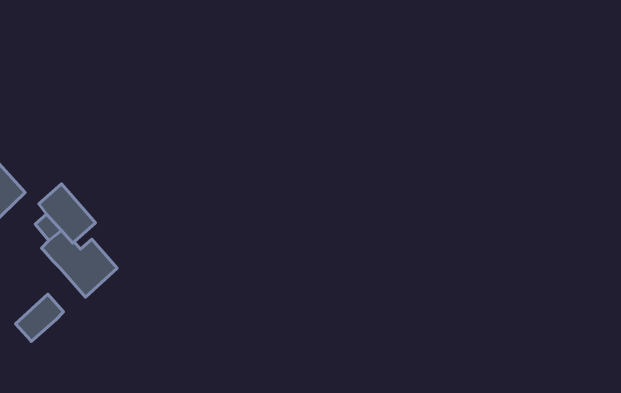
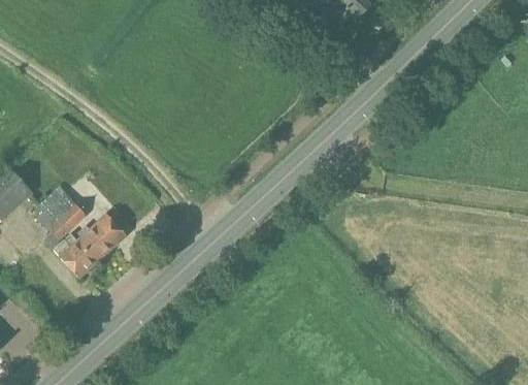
building: none -> [84,213,126,255]
building: [16,294,64,341] -> none

